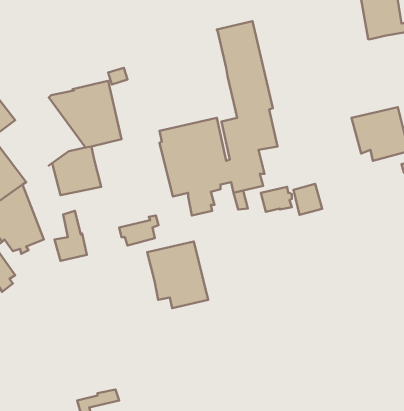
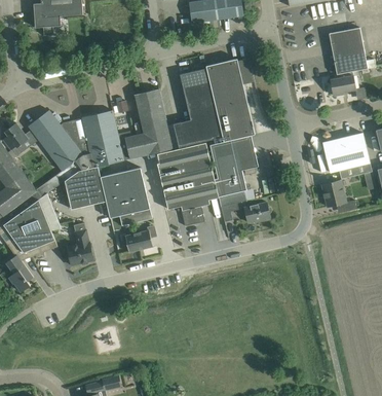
building: none -> [173,68,222,147]
building: none -> [330,71,355,96]
building: none -> [117,88,173,160]
building: none -> [28,110,92,183]
building: [294,184,322,215] -> [321,180,346,207]
building: [147,241,208,308] -> [100,168,152,225]

